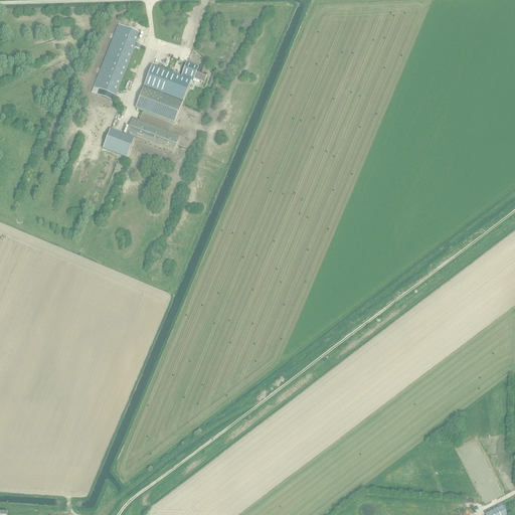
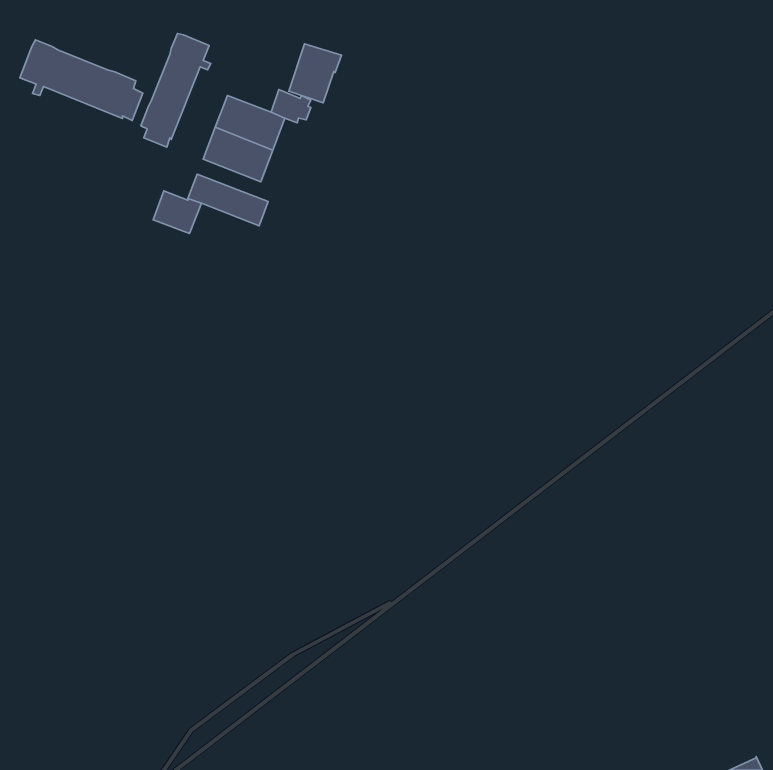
building: none -> [20,40,143,120]
building: none -> [289,44,341,103]

